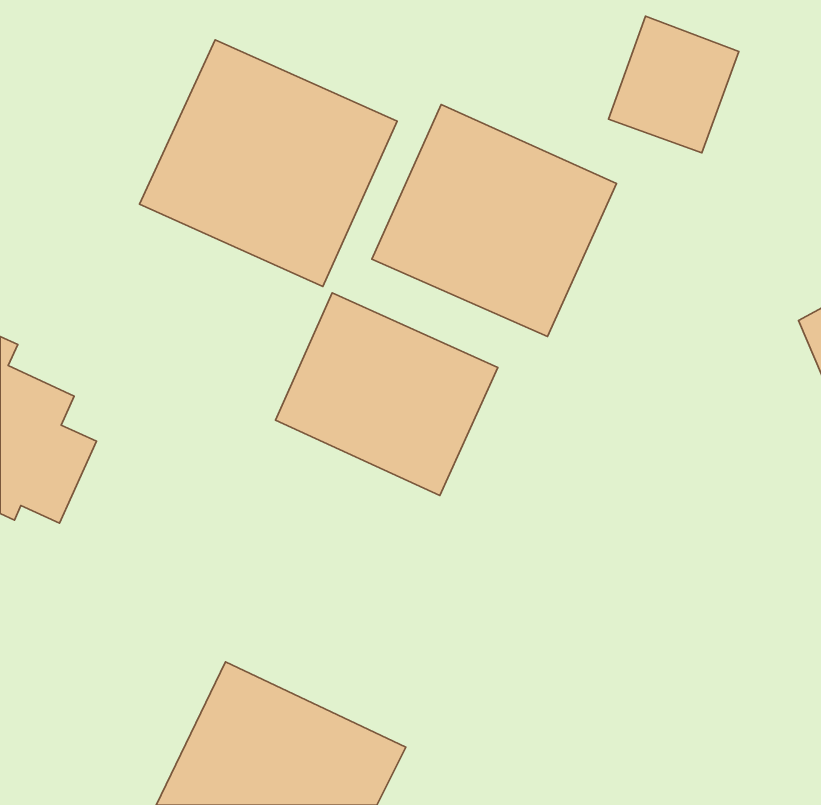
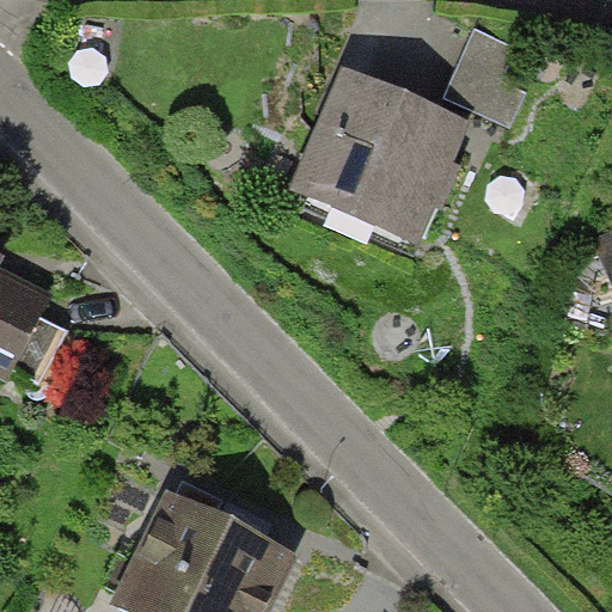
building: [140,40,397,287] -> none
building: [275,293,498,496] -> none

